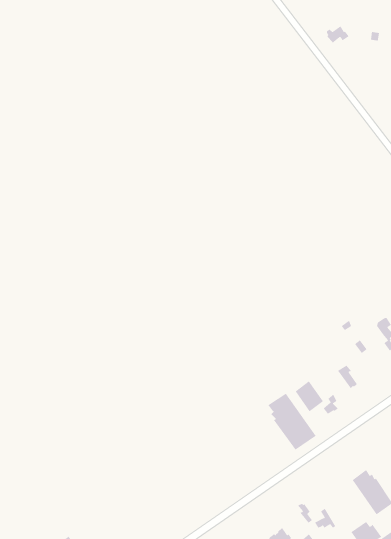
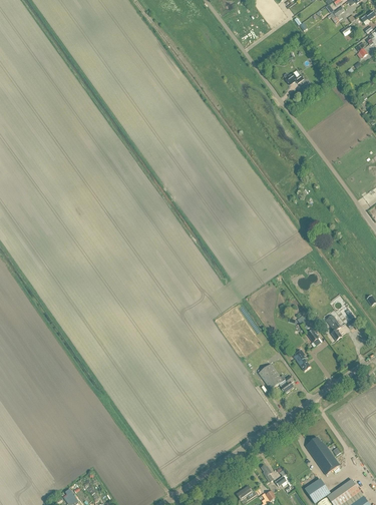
building: [267,393,317,451] -> none

